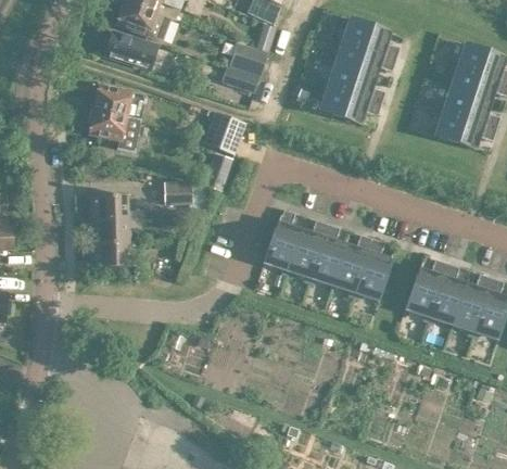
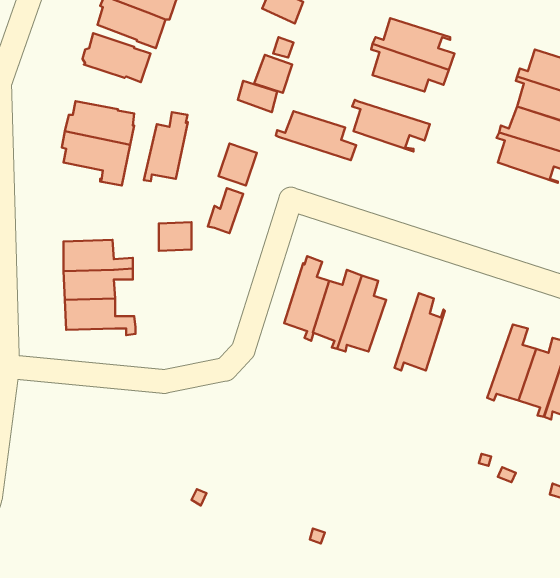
building: [320,64,384,103] -> [276,111,356,160]
building: none -> [144,112,188,181]
building: [331,234,371,297] -> none
building: [405,258,446,321] -> none

